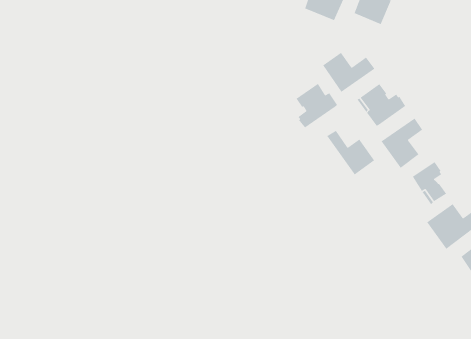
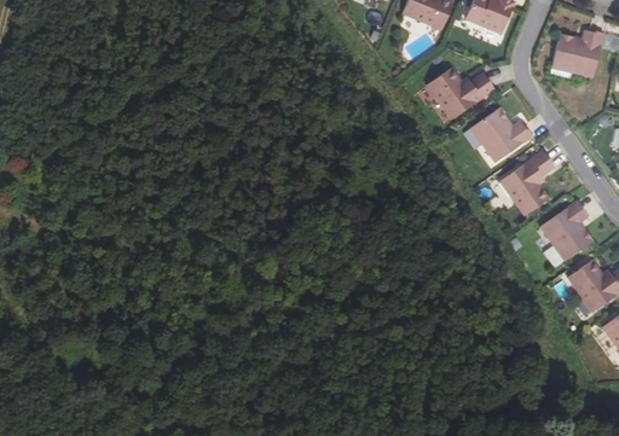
building: none -> [553,29,604,77]
building: [295,83,338,129] -> none
building: [326,130,375,176] -> none

